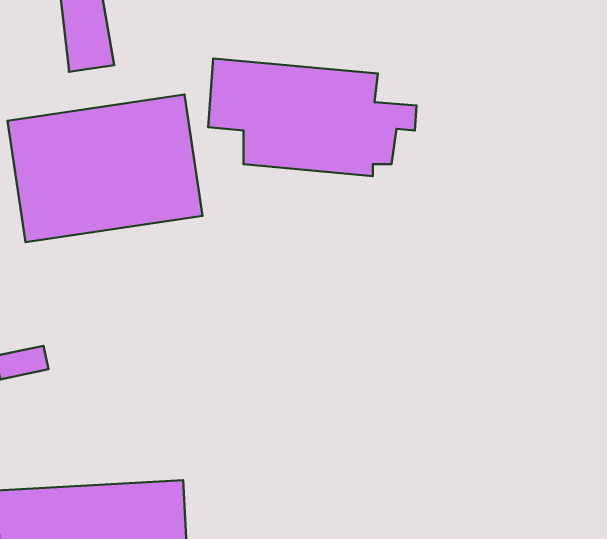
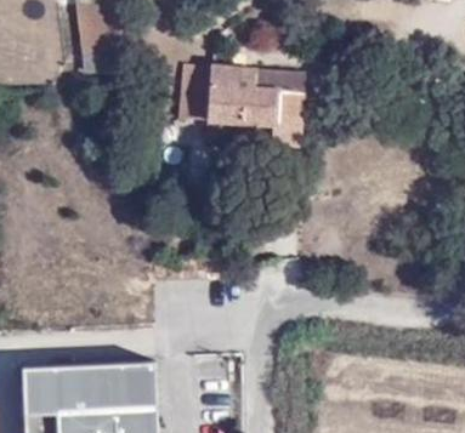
building: [7,95,202,242] -> none

